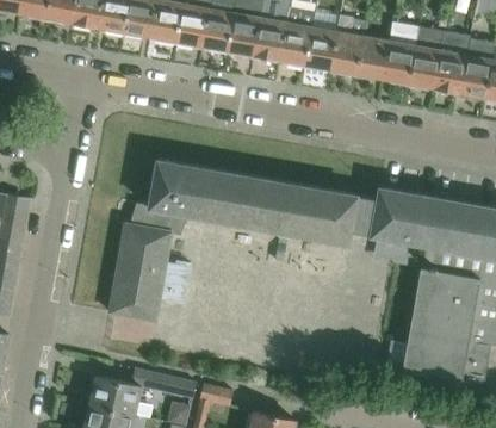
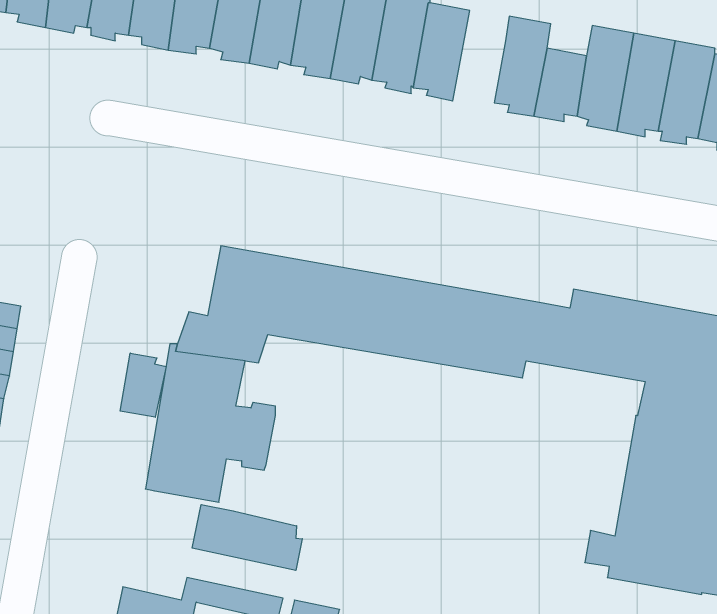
building: [304,25,337,72] -> none
building: none -> [120,353,166,417]
building: none -> [192,505,302,570]

